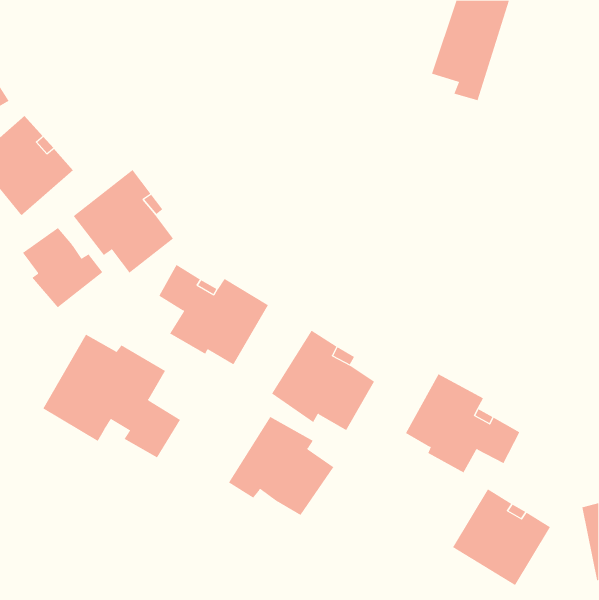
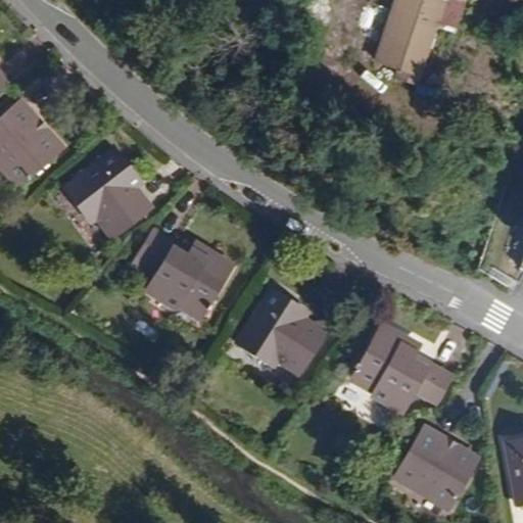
building: [22,227,103,308] -> none
building: [42,334,181,458] -> none
building: [228,416,334,516] -> none

